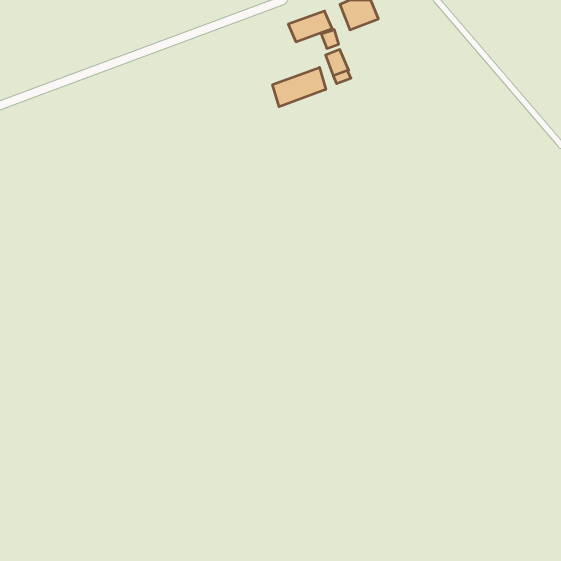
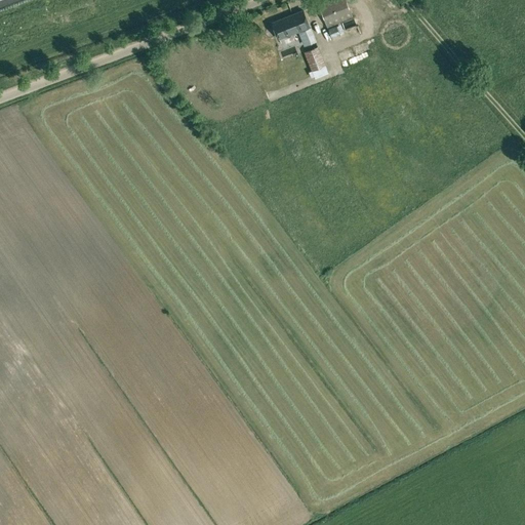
building: [273,67,326,107] -> none

